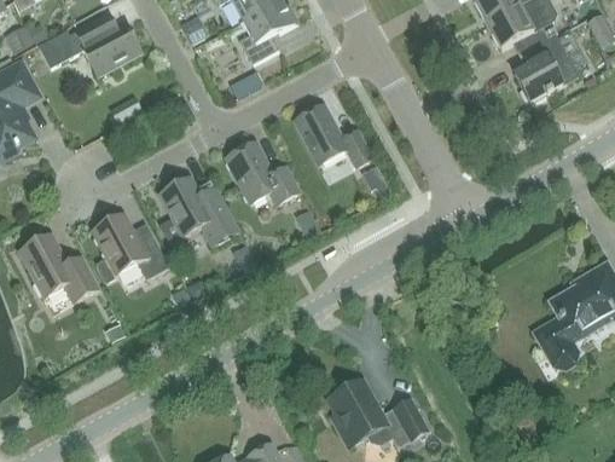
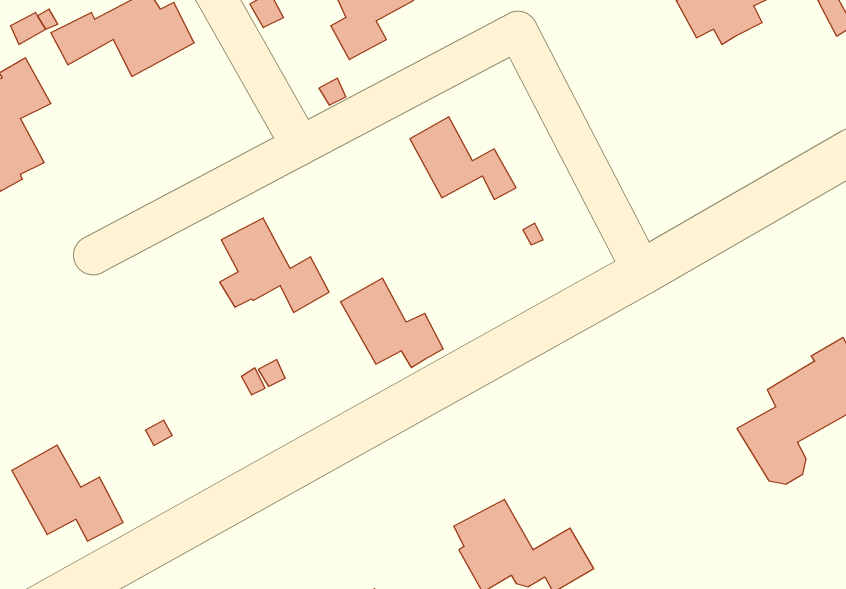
building: [514,27,586,100] -> none
building: [225,140,298,204] -> [340,278,443,368]
building: [92,213,169,279] -> none
building: [18,232,98,301] -> [12,445,123,541]

